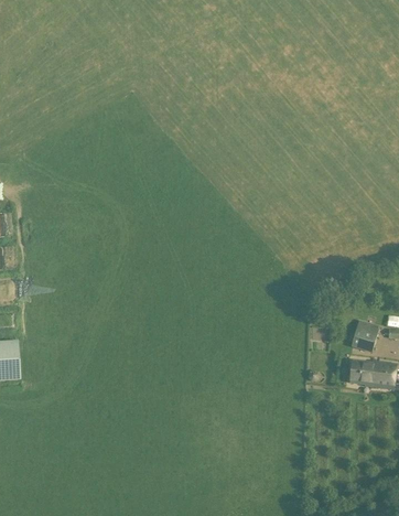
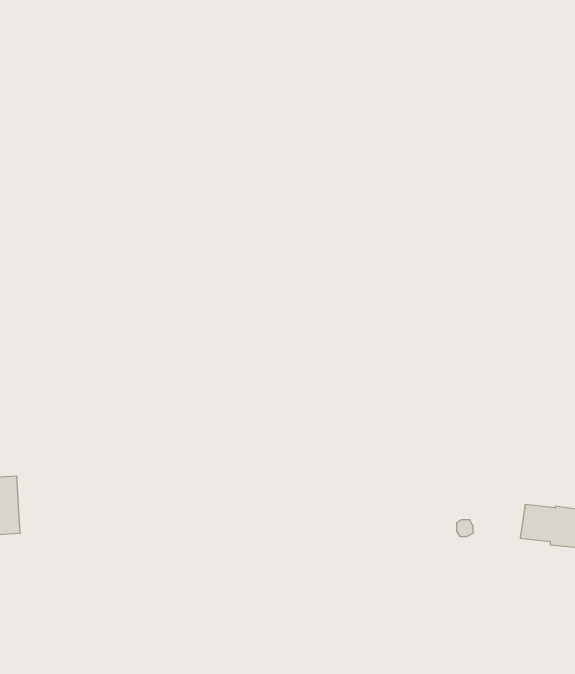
building: [351,320,379,352] -> none

